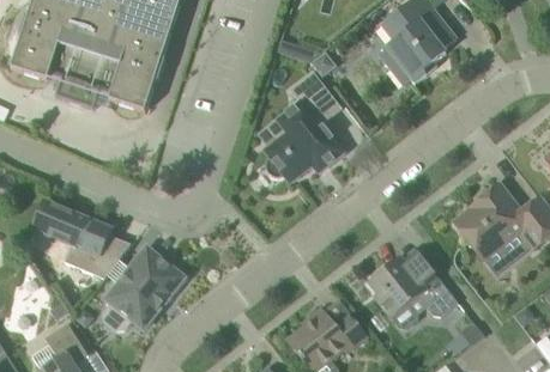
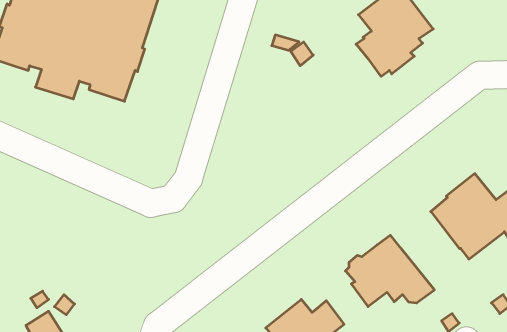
building: [265,74,344,183] -> none
building: [35,201,126,279] -> none
building: [104,248,188,330] -> none

